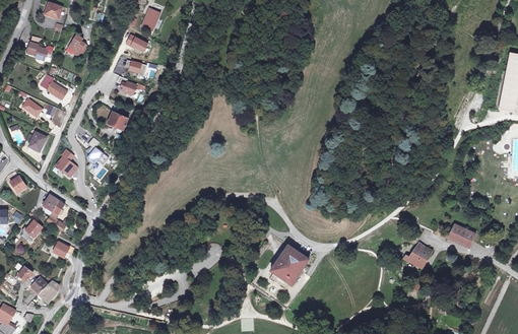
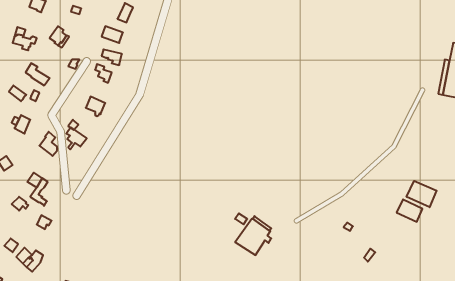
building: none -> [407,181,437,207]
building: [403,243,432,269] -> none

